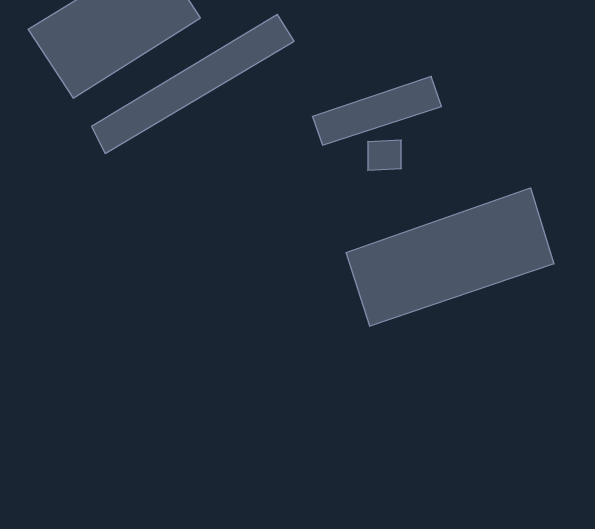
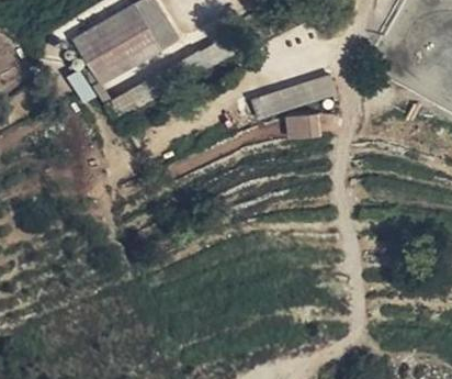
building: [346,188,554,326] -> none

